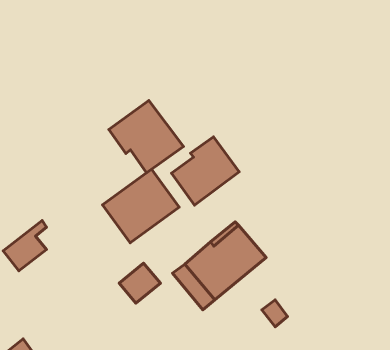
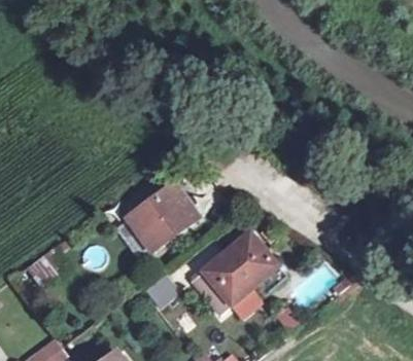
building: [109,100,183,173] -> none
building: [171,137,239,205] -> none

